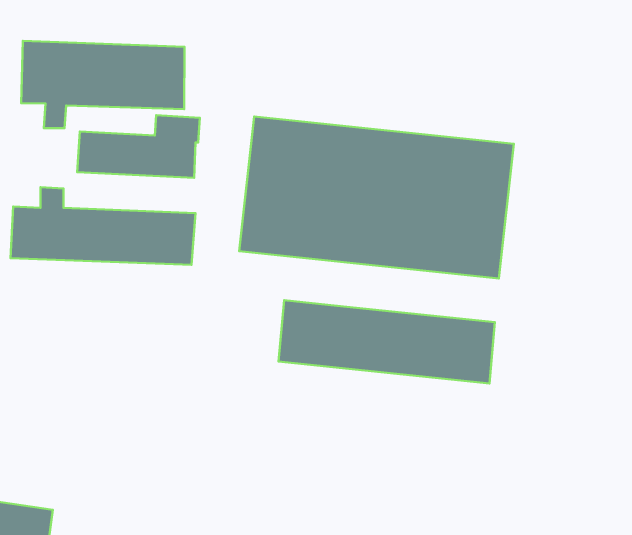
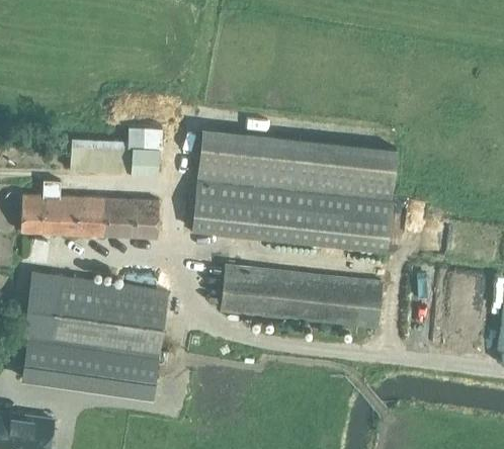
building: [21,41,185,128] -> none
building: none -> [21,275,167,398]

